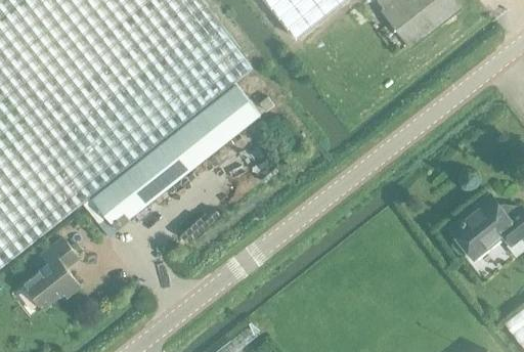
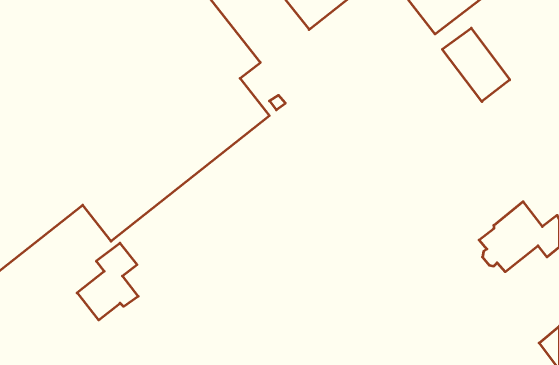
building: none -> [442,28,510,102]
building: [25,237,80,307] -> [77,243,138,320]

